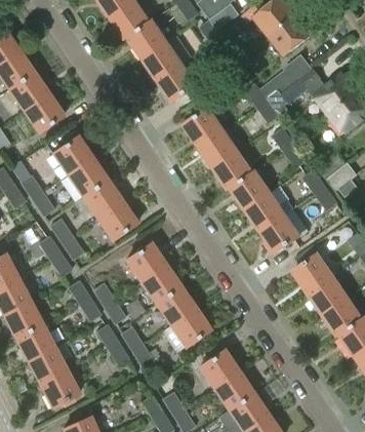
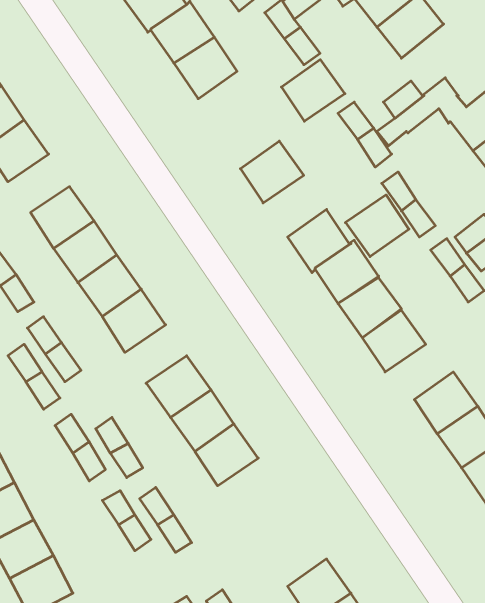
building: [158,64,198,103] -> [281,60,345,121]
building: [199,129,239,168] -> [345,195,409,257]
building: [170,308,210,347] -> none
building: [199,350,239,389] -> none

